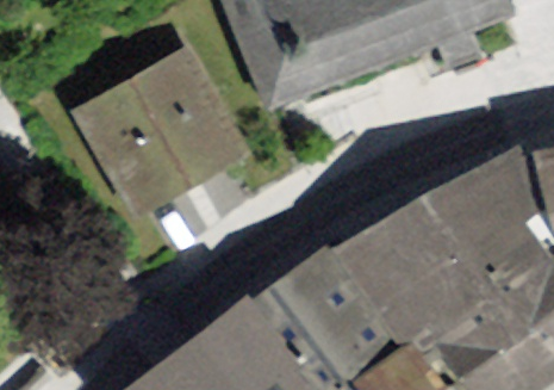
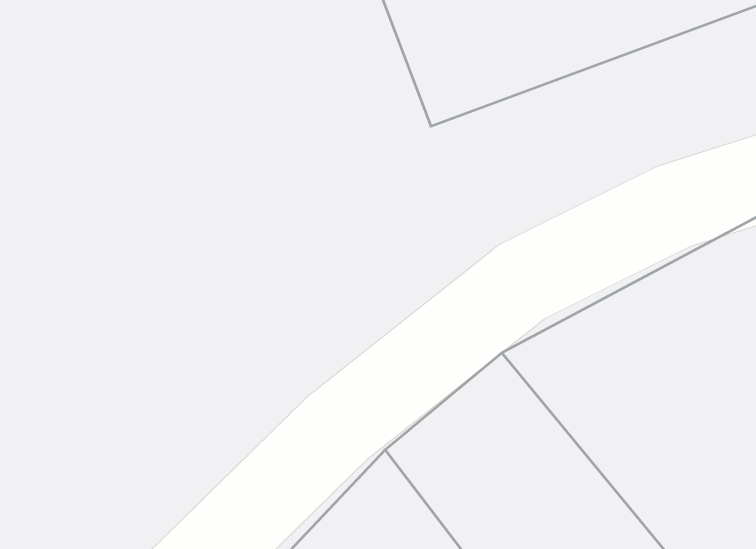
building: [98,45,249,203] -> none

